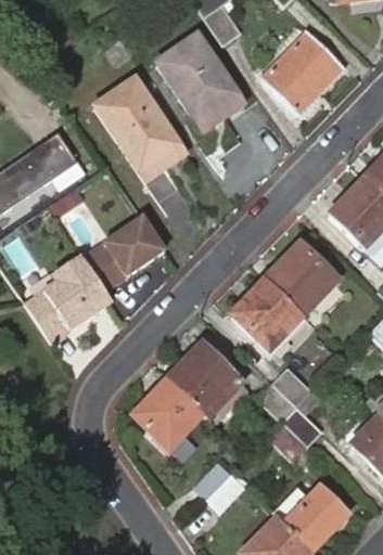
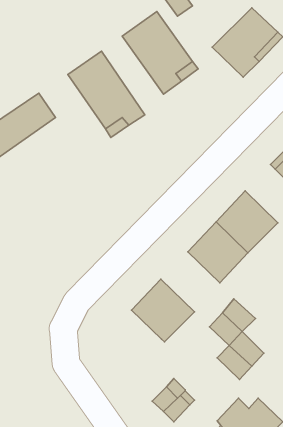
building: [106,216,167,275] -> none
building: [29,254,114,334] -> none
building: [136,382,204,451] -> none

